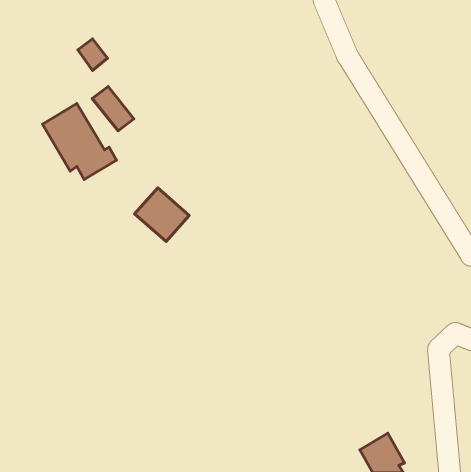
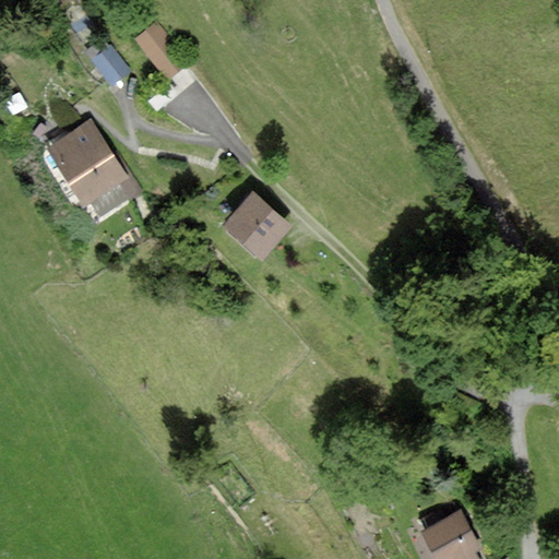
building: [92,87,134,131] -> [135,24,185,76]
building: [135,188,189,242] -> [224,193,288,257]

